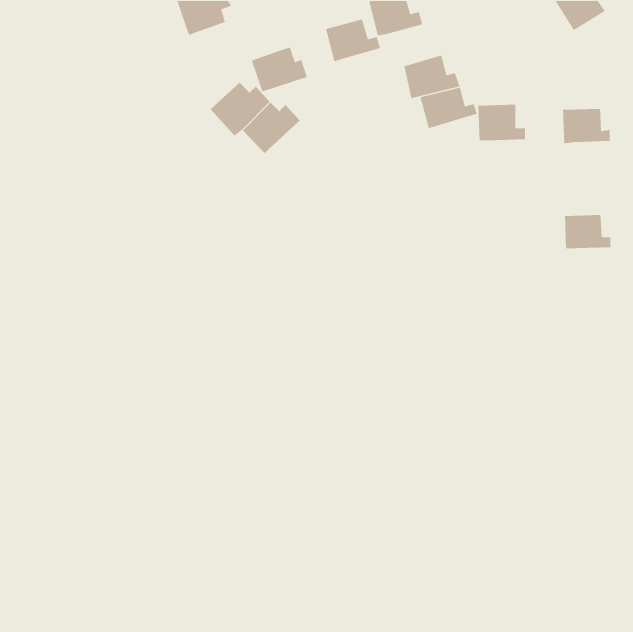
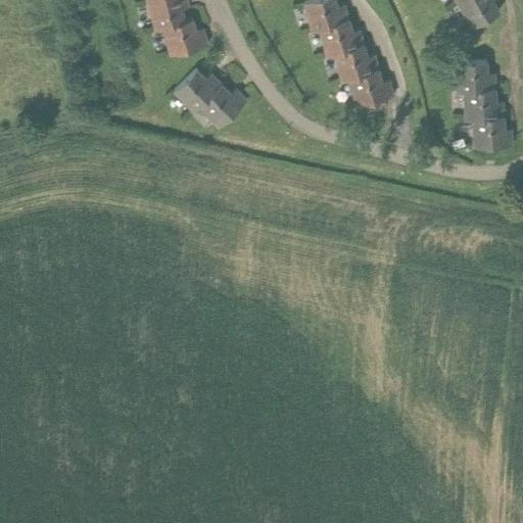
building: [325,19,381,62] -> [319,22,365,58]
building: [251,47,308,93] -> [161,18,208,56]
building: [478,104,526,141] -> [456,61,495,92]
building: [564,214,611,249] -> [473,118,512,147]

